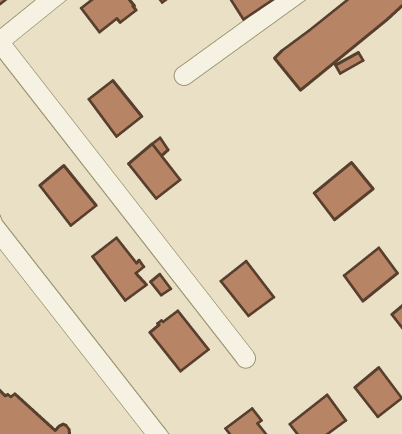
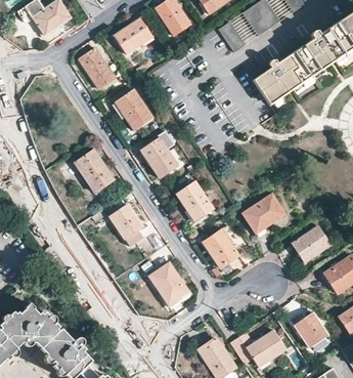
building: none -> [79,47,115,88]
building: [314,162,373,220] -> [242,193,285,234]
building: none -> [175,180,213,220]

